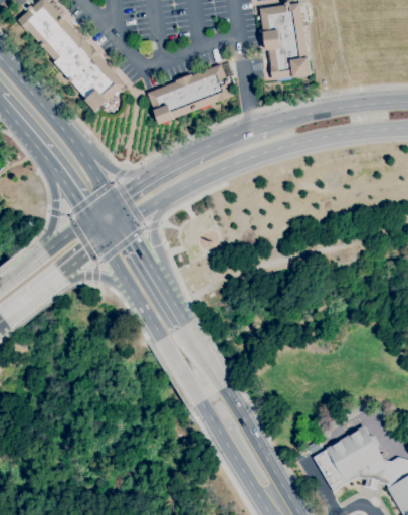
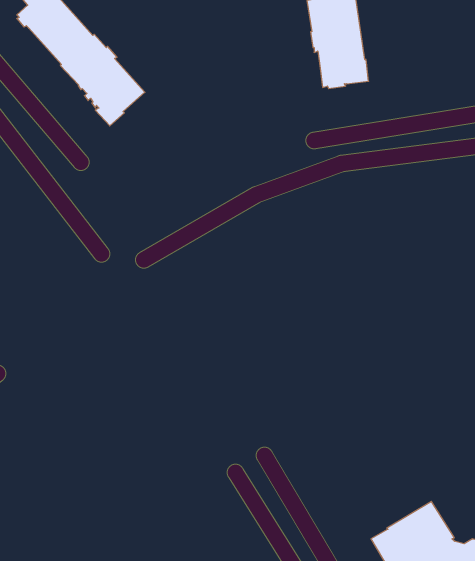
building: [147,64,234,124] -> none

